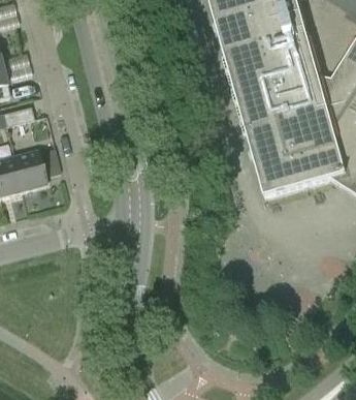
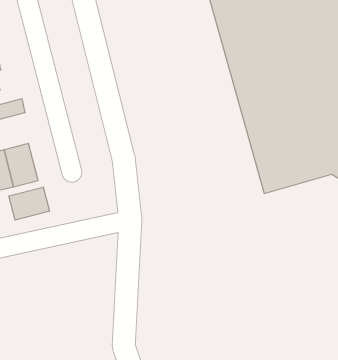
building: none -> [9,187,49,220]

